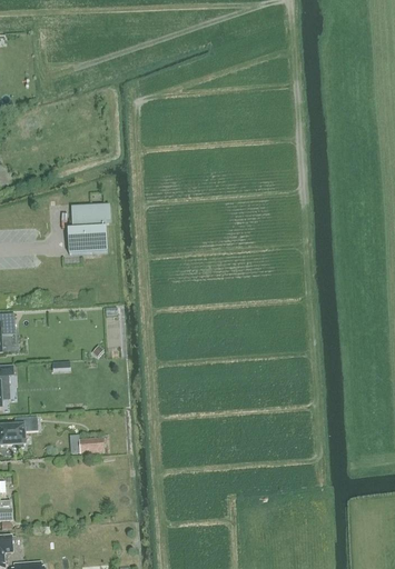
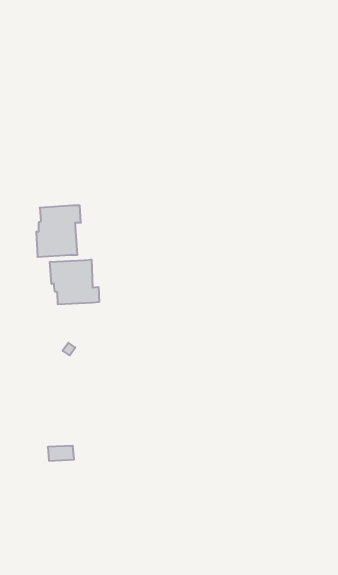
building: none -> [50,259,99,304]

